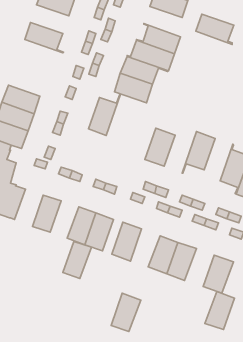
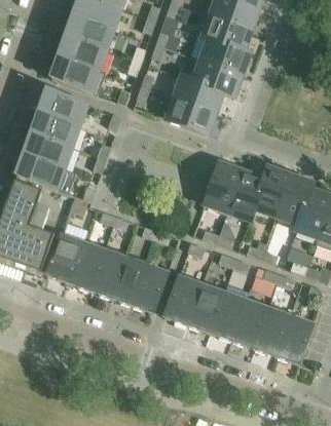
building: none -> [67,12,113,47]
building: [196,14,234,45] -> [205,14,251,51]
building: none -> [51,54,106,92]
building: none -> [40,87,86,123]
building: [88,94,121,135] -> [229,166,268,217]
building: none -> [278,175,312,226]
building: none -> [47,235,82,281]
building: [63,241,92,279] -> [90,250,125,296]
building: [205,291,234,329] -> [254,308,290,354]
building: [111,293,141,331] -> [188,284,224,331]

